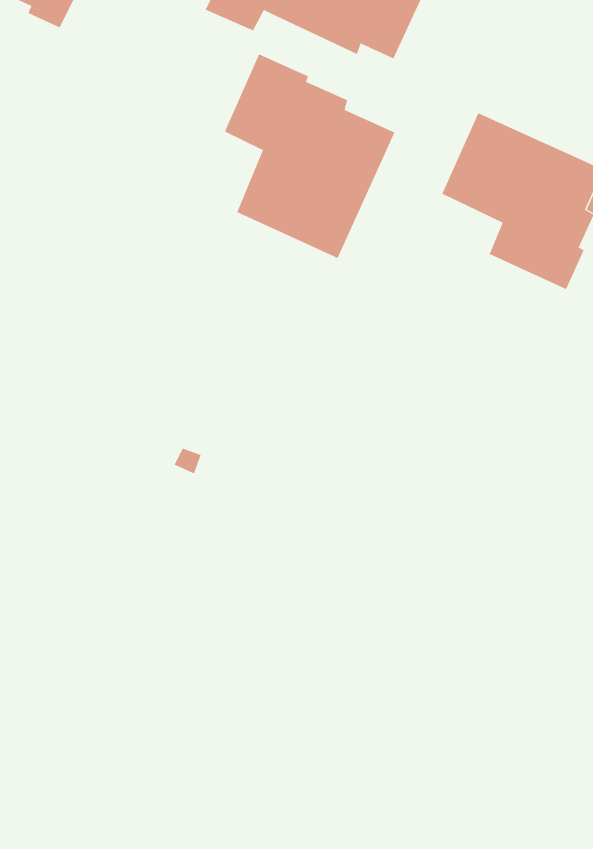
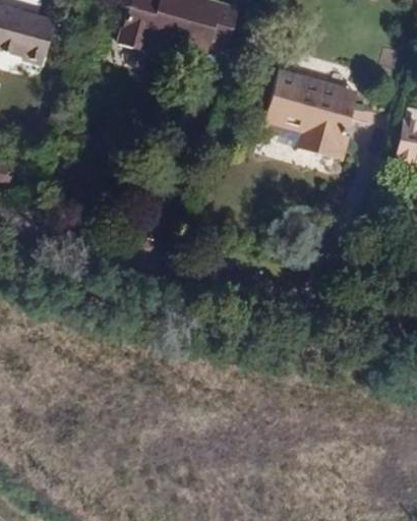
building: [224,53,395,259] -> none

